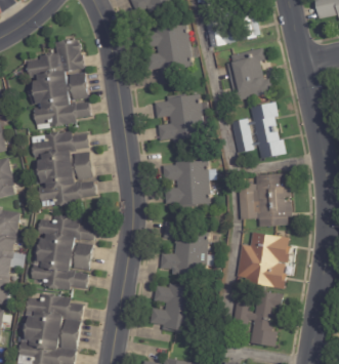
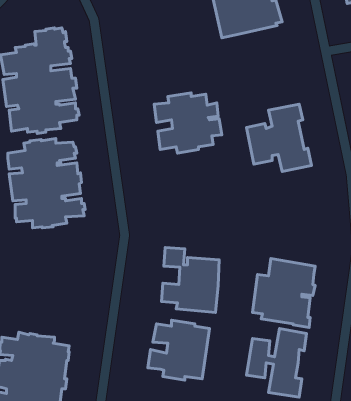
building: [146,24,199,73] -> none
building: [227,47,273,102] -> none
building: [164,161,217,206] -> none
building: [240,174,294,227] -> none
building: [32,215,98,290] -> none

